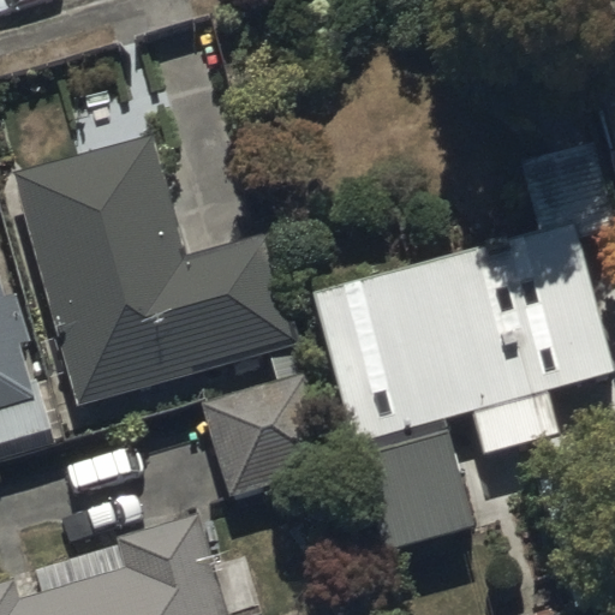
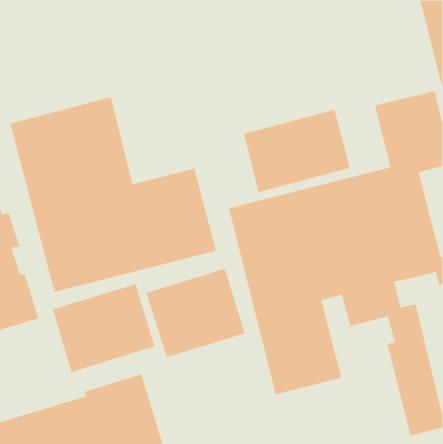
building: none -> [244,109,350,193]
building: none -> [52,283,155,373]

